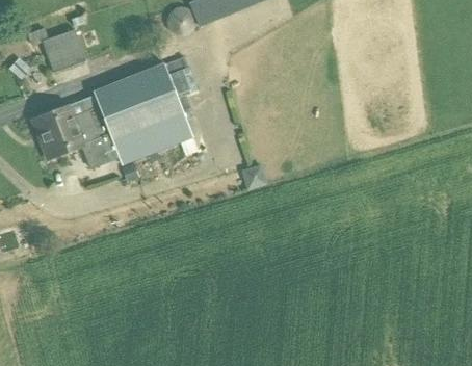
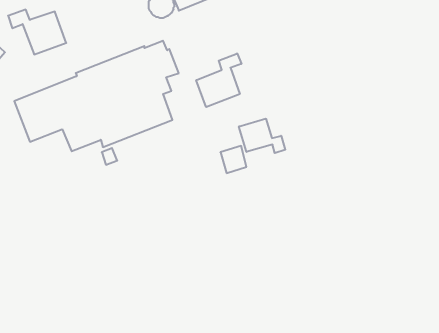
building: none -> [196,53,241,107]
building: none -> [239,119,285,153]

